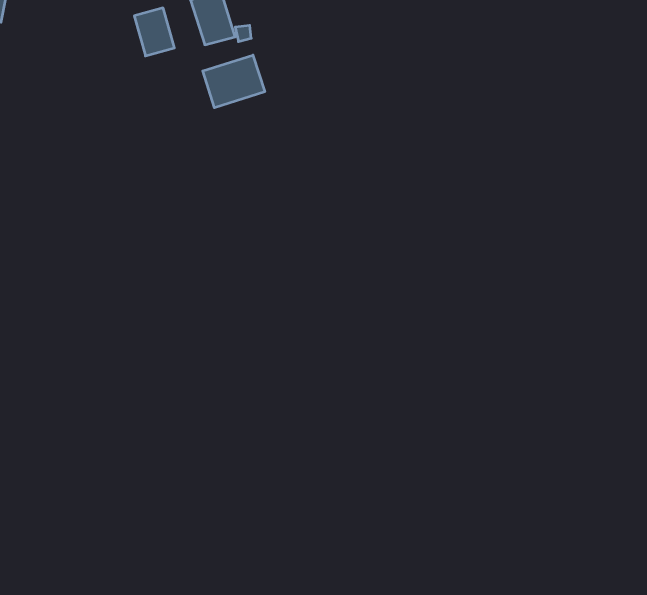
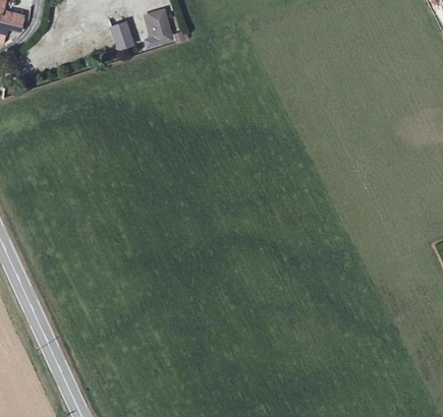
building: [203,55,265,108] -> none

